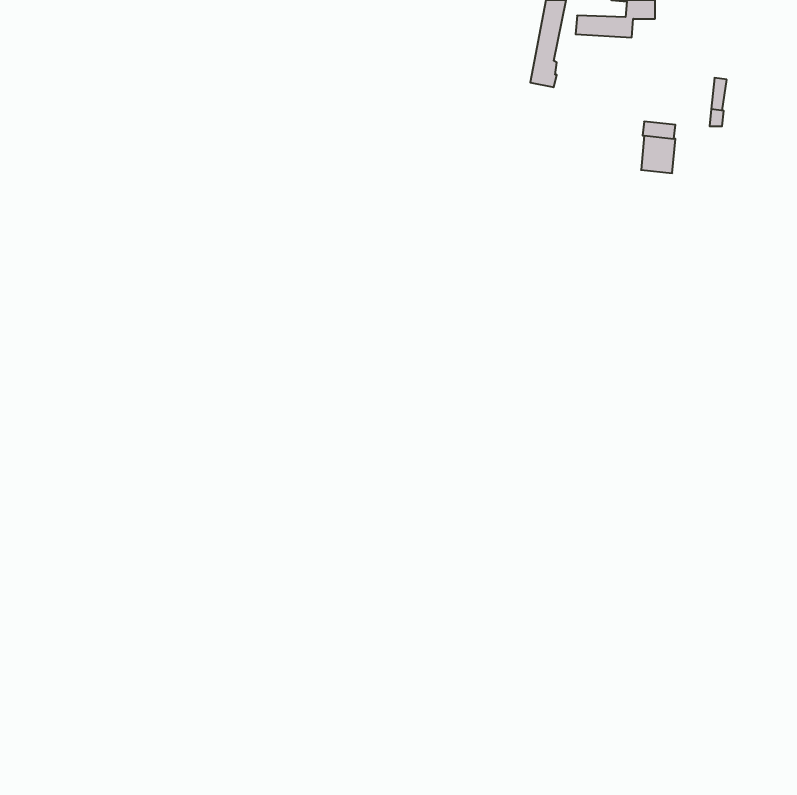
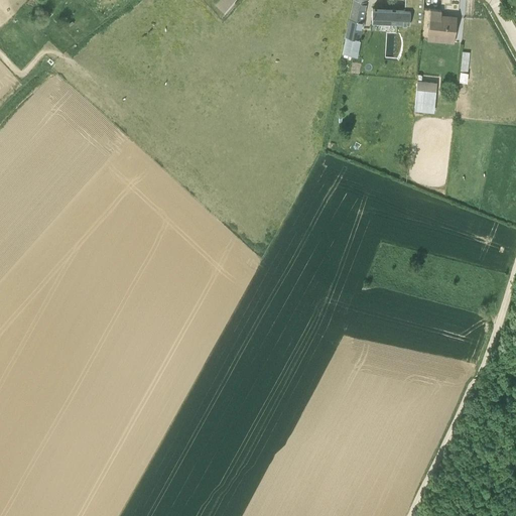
building: none -> [426,10,457,43]

